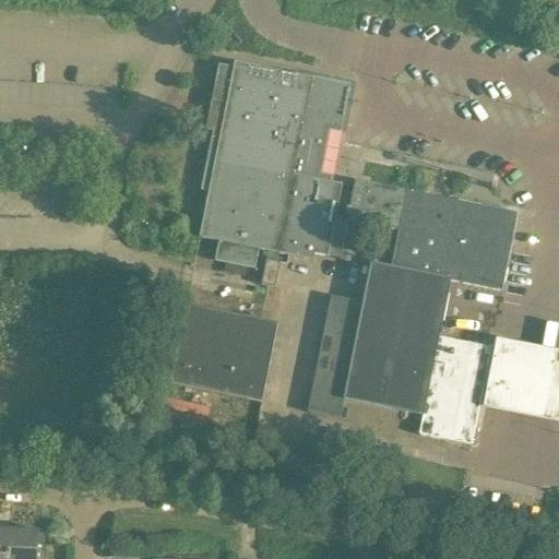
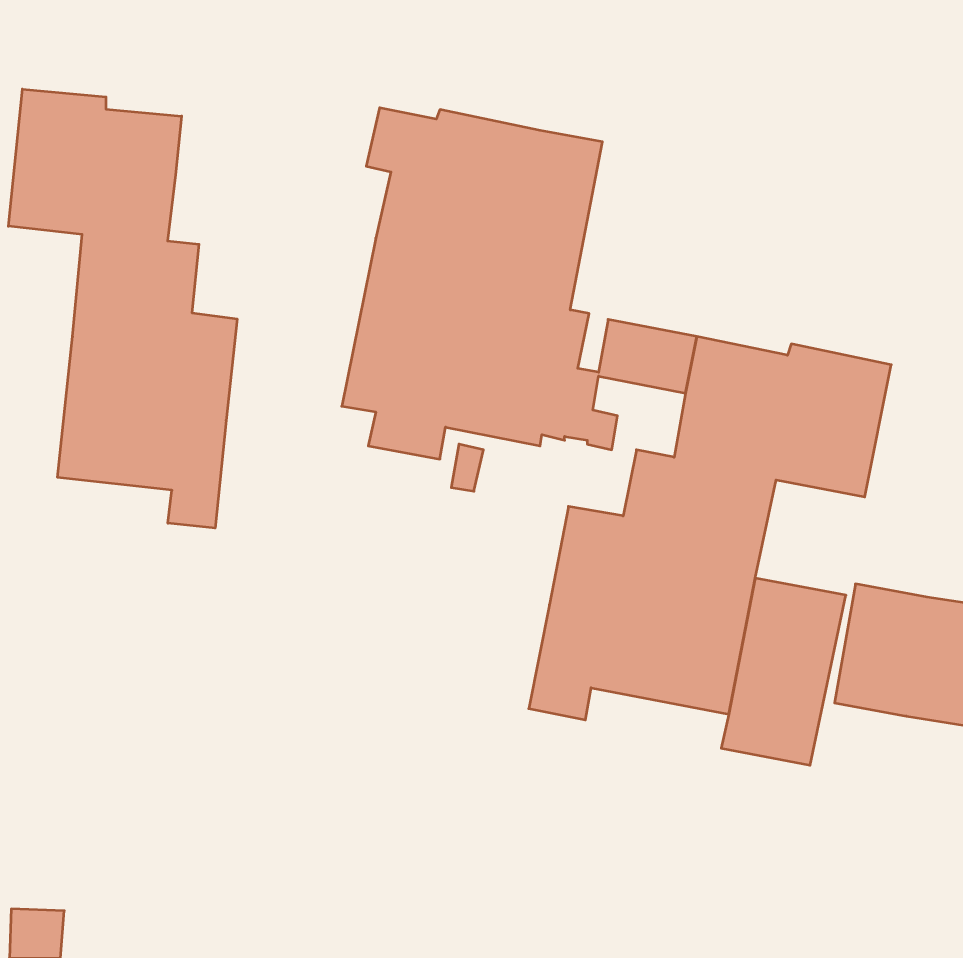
building: none -> [8,89,237,528]
building: [169,301,277,399] -> none

